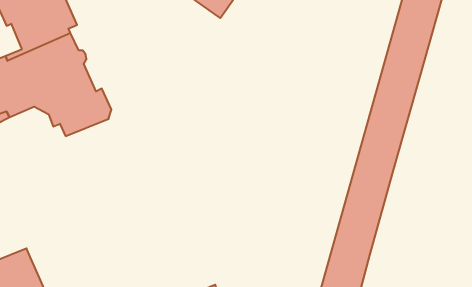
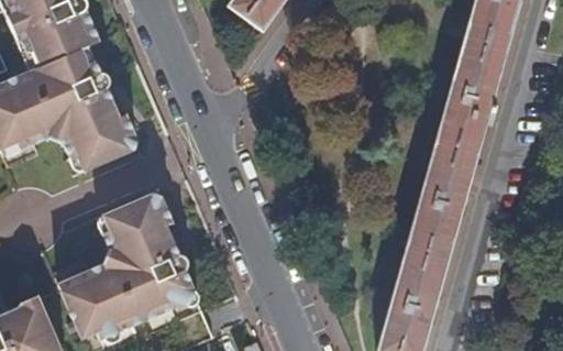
building: none -> [57,193,191,338]

